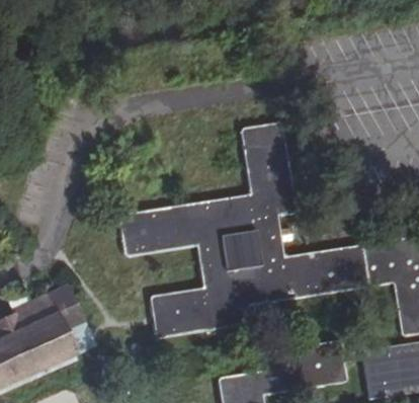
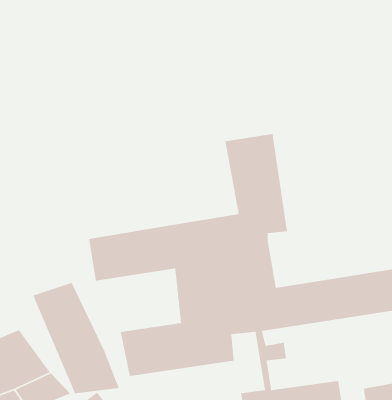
building: none -> [32,282,120,394]

